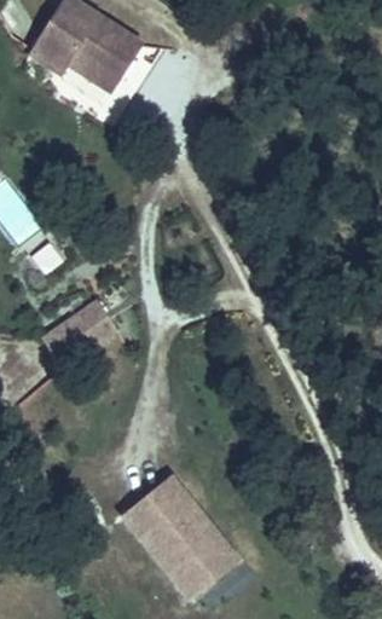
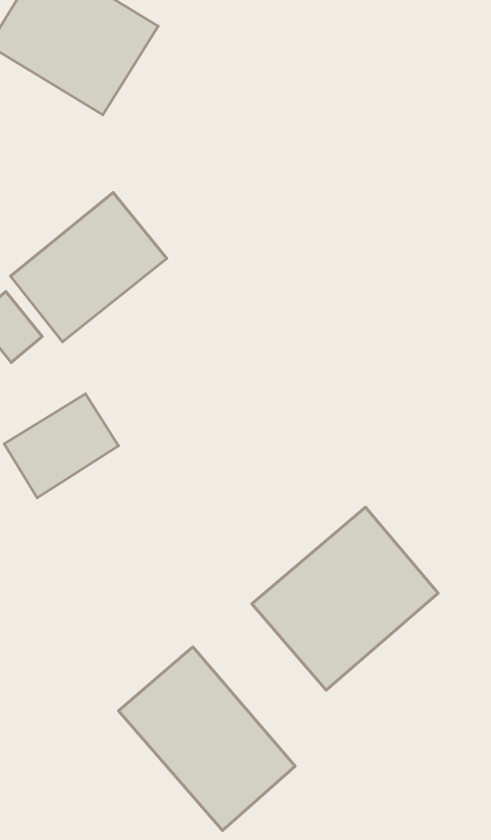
building: none -> [11,193,167,342]
building: none -> [252,507,438,690]

